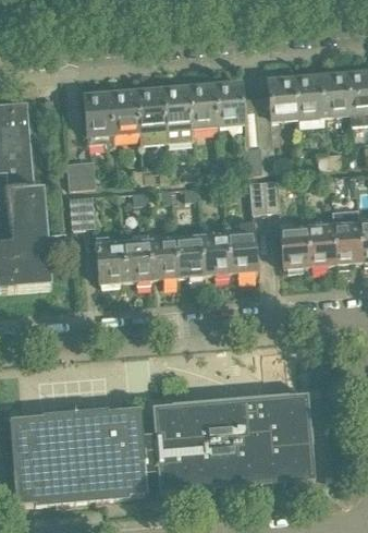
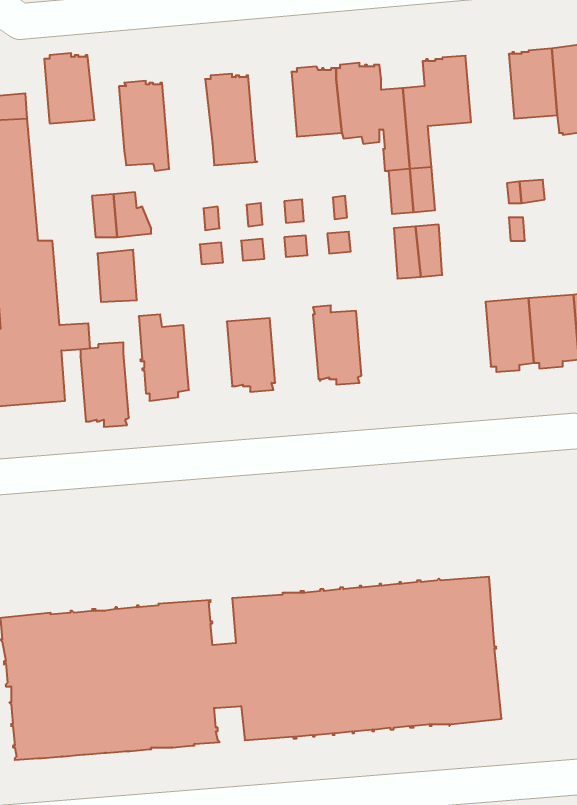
building: [293,74,322,117] -> none
building: [161,85,192,141] -> none
building: [109,89,139,132] -> [44,53,95,123]
building: [279,219,308,270] -> none
building: [226,221,257,274] -> none
building: [122,231,151,282] -> [80,342,129,427]
building: [174,233,204,278] -> none

